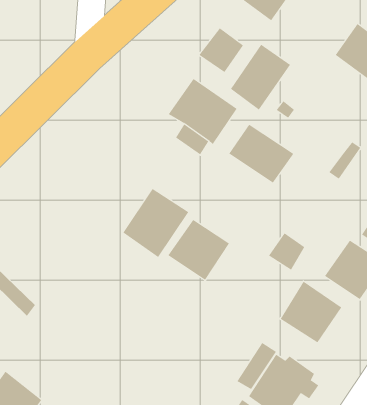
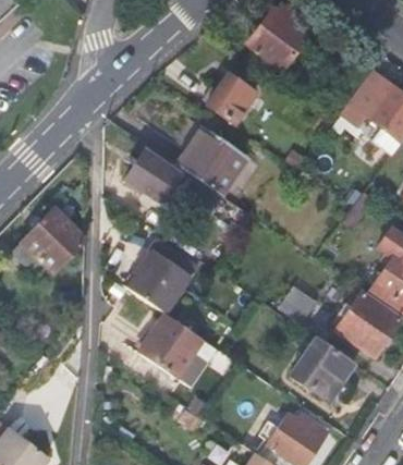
building: [230,44,291,111] -> none
building: none -> [126,149,168,197]
building: [229,124,294,184] -> none
building: none -> [13,208,85,272]
building: [168,219,230,280] -> [138,314,203,377]

